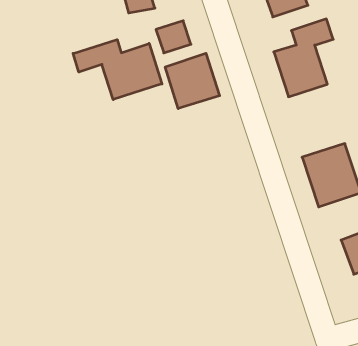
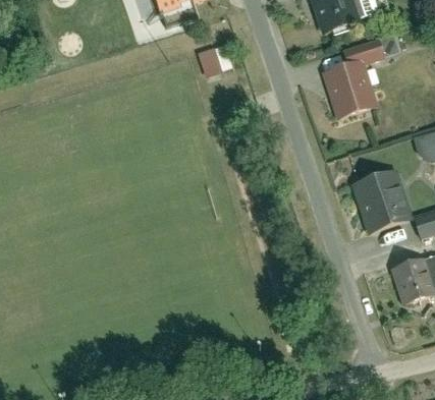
building: [73,40,162,100] -> none
building: [165,53,220,109] -> none

